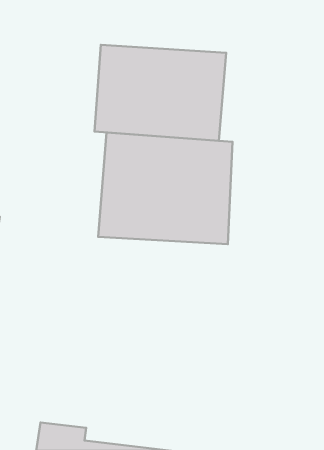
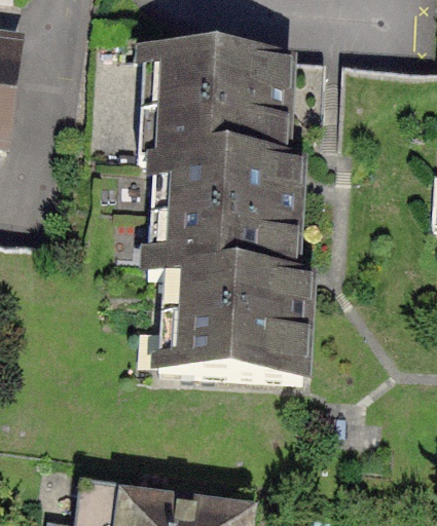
building: none -> [161,270,309,371]

